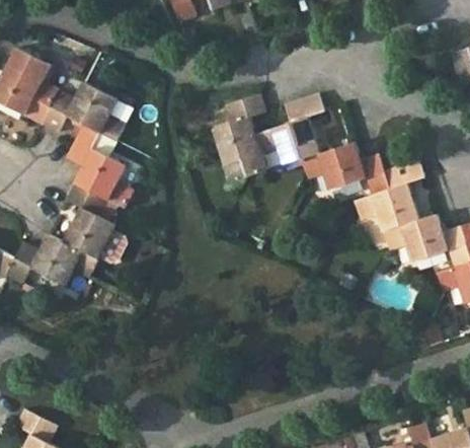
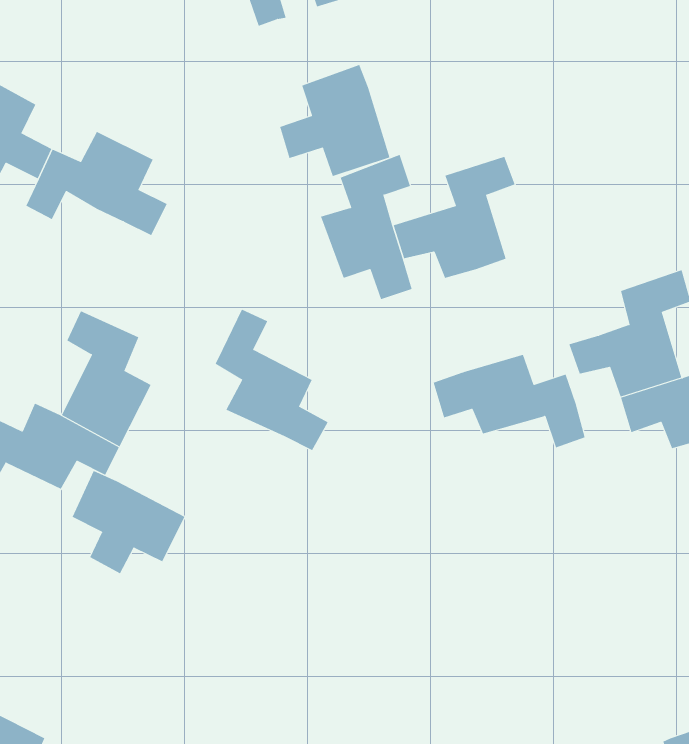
building: none -> [280,64,390,177]
building: [70,125,135,206] -> [215,309,328,451]
building: [302,143,389,197] -> [433,354,586,448]
building: none -> [72,470,185,574]

